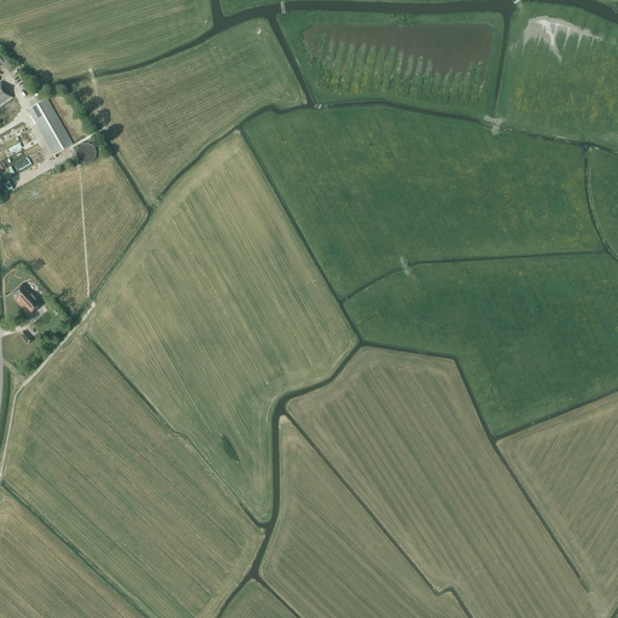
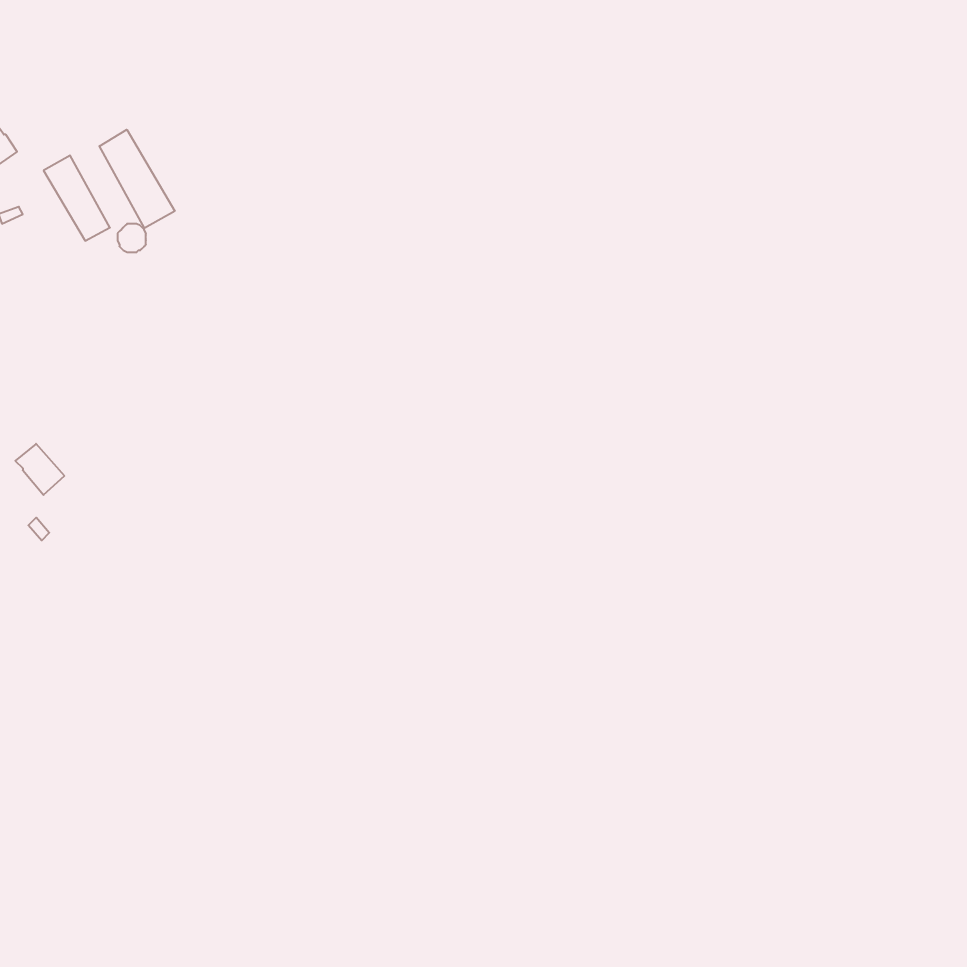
building: none -> [99,130,175,228]

